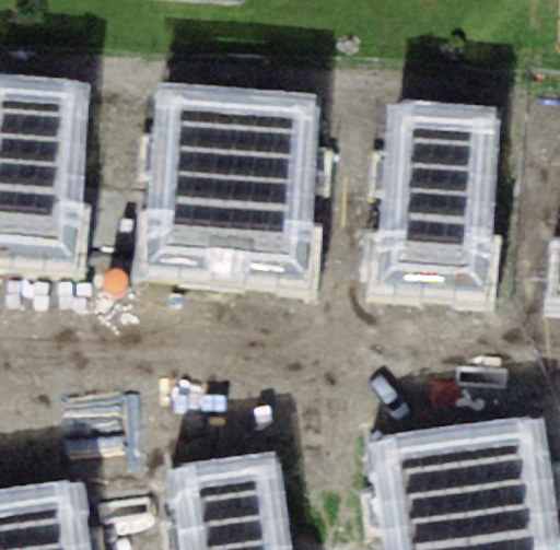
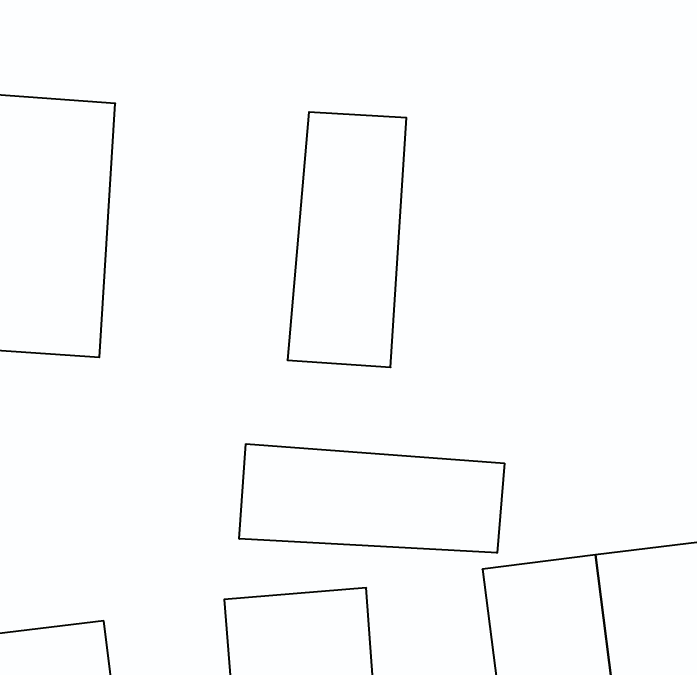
building: [144,85,237,280] -> none
building: [374,100,497,299] -> none
building: none -> [239,444,504,553]

